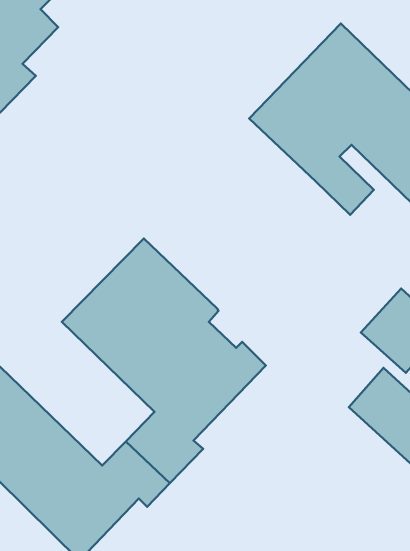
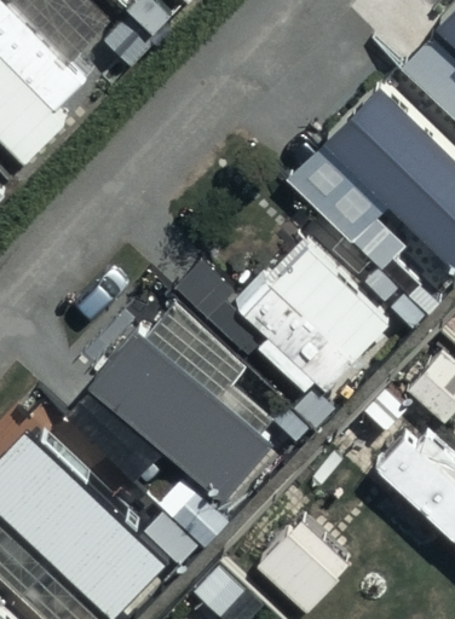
building: none -> [234,235,394,432]

